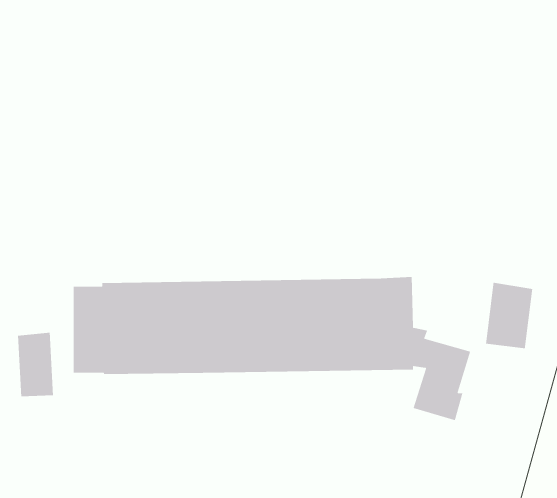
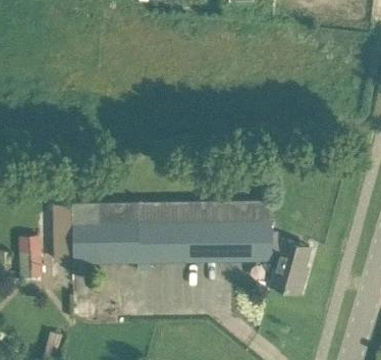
building: [485,282,533,349] -> none

